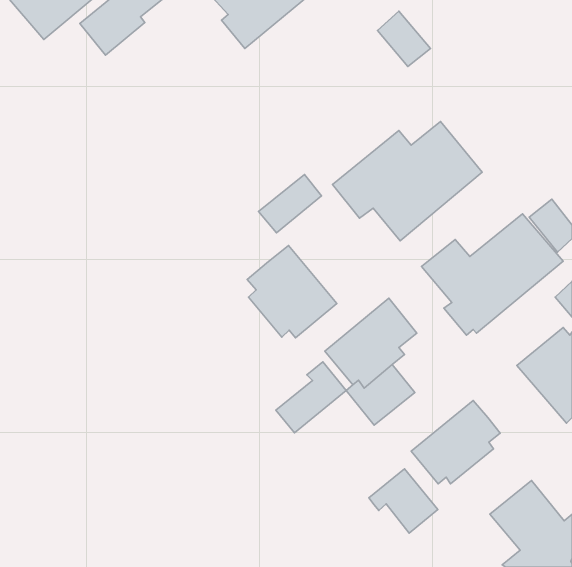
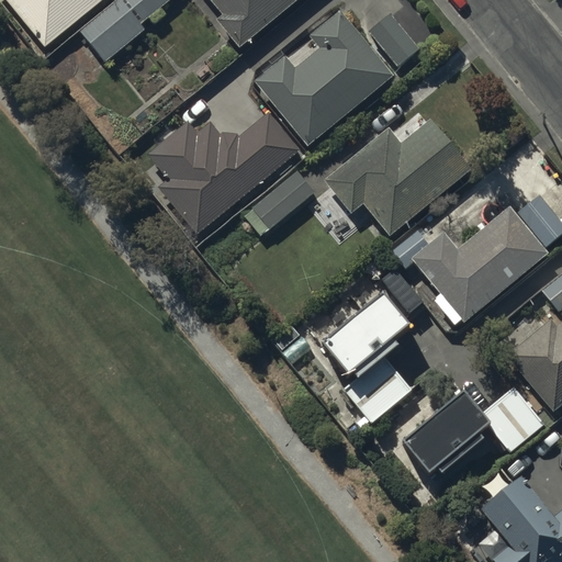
building: none -> [255,12,395,147]
building: none -> [146,113,301,236]
building: [247,245,337,338] -> none
building: [276,362,346,433] -> none
building: none -> [476,380,541,445]
building: [369,469,438,533] -> none

